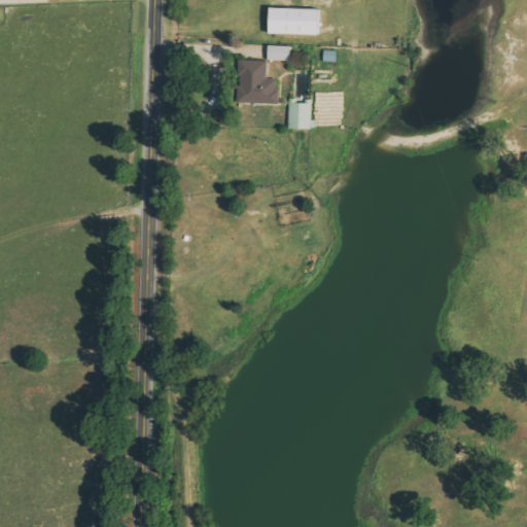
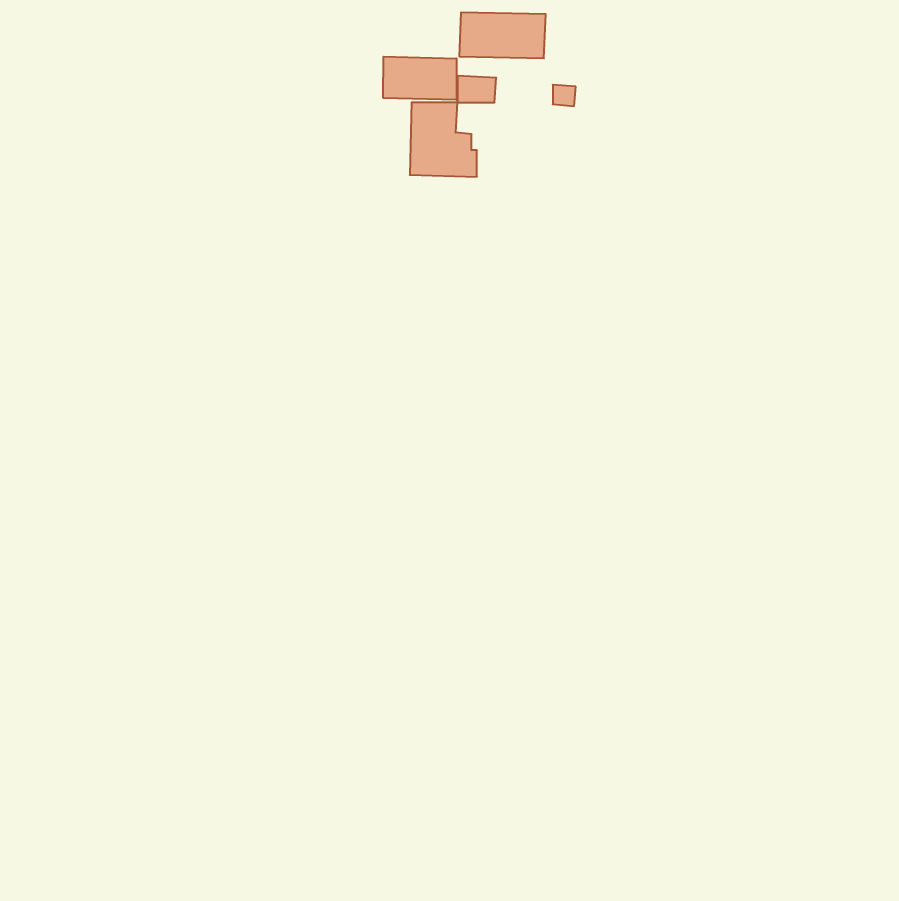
building: none -> [383,57,457,100]
building: [288,98,311,128] -> none

